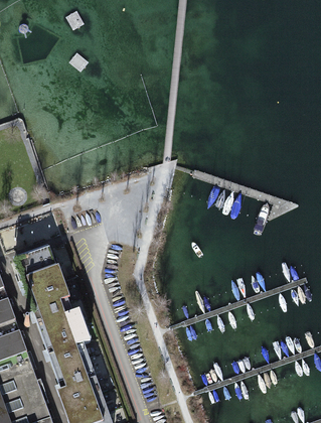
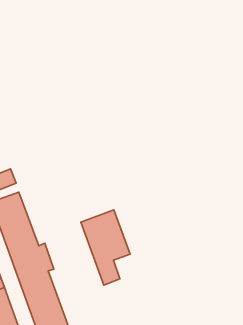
building: none -> [81,210,130,285]

